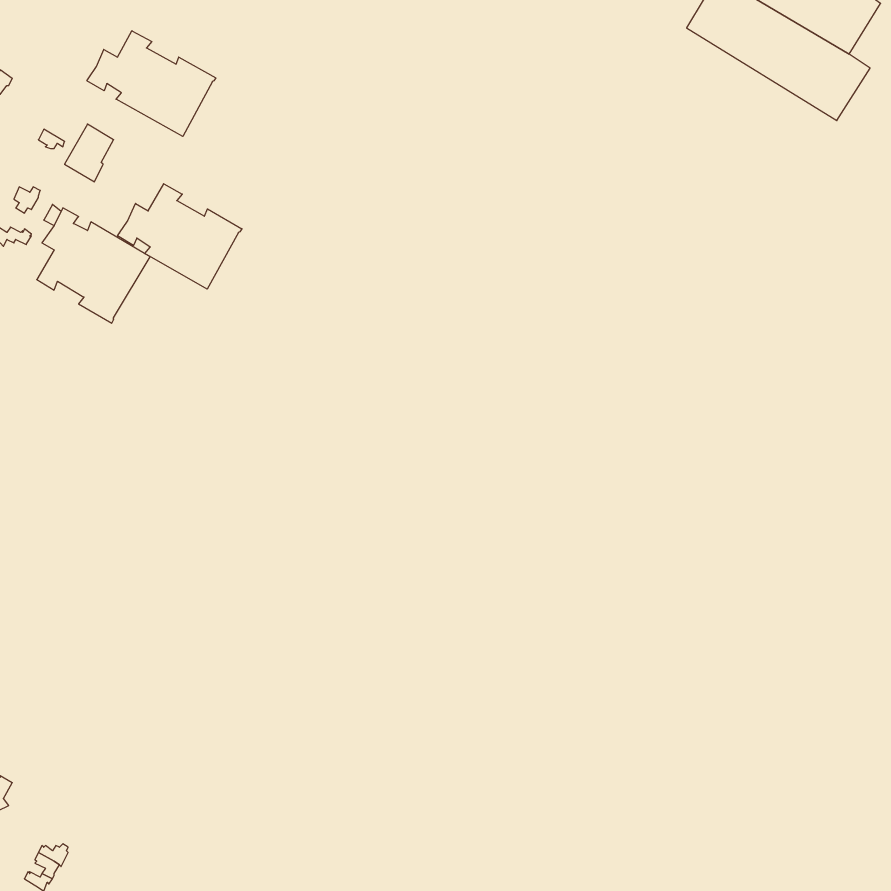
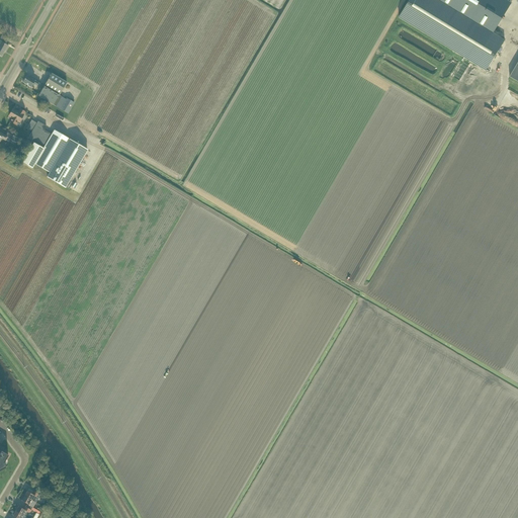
building: [87,31,216,136] -> none
building: [118,184,242,289] -> none

